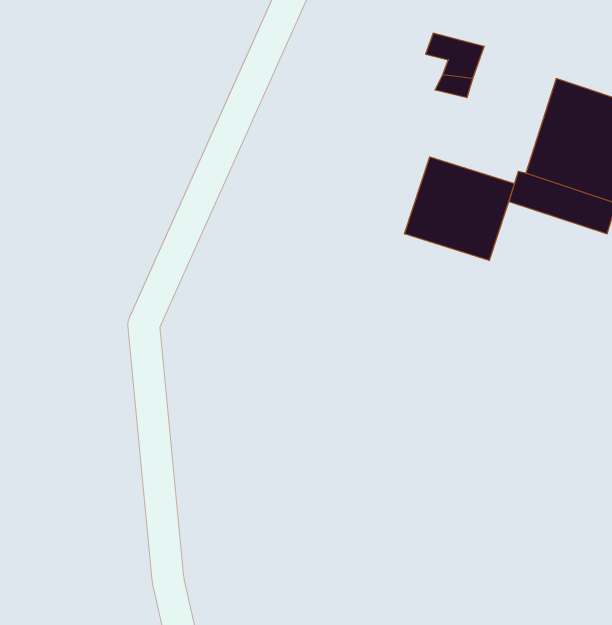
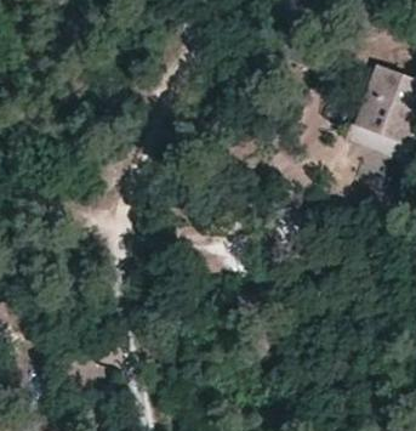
building: [405,157,514,261] -> none

